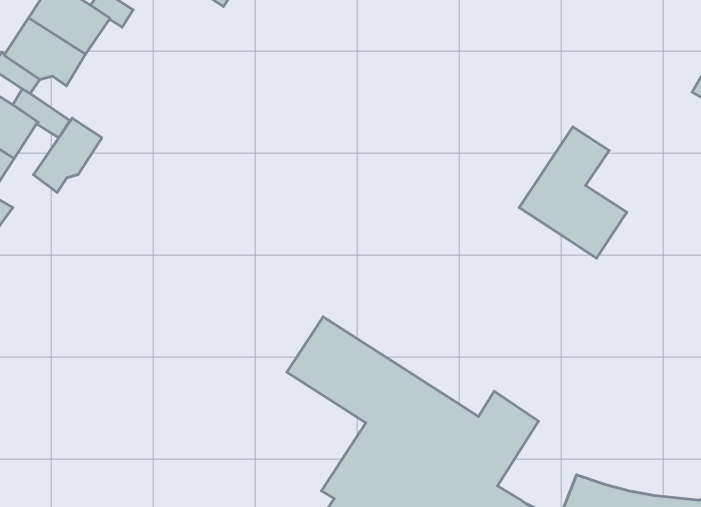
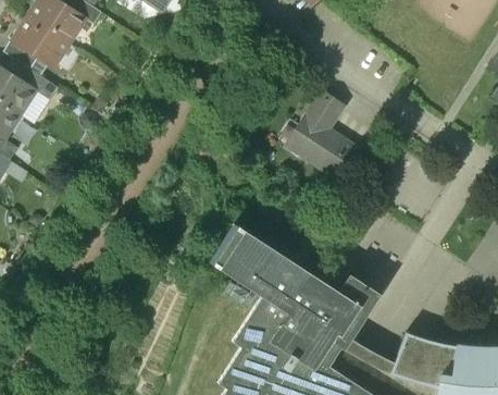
building: [33,118,102,192] -> none
building: [519,127,627,258] -> [284,88,358,178]

